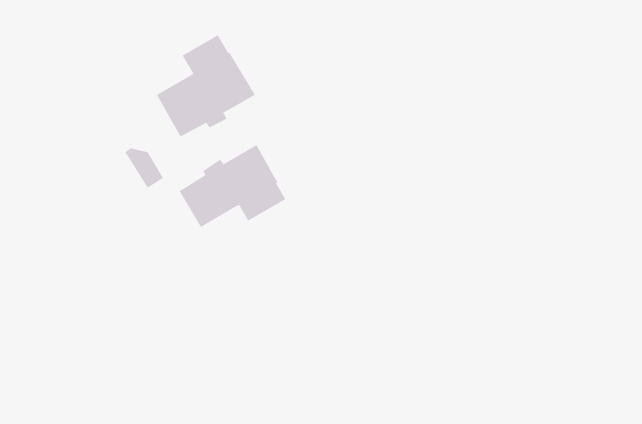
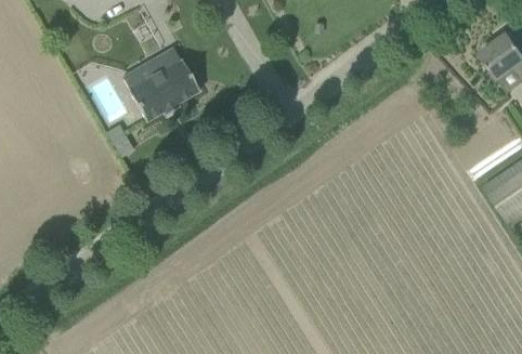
building: [179,144,286,228] -> none

